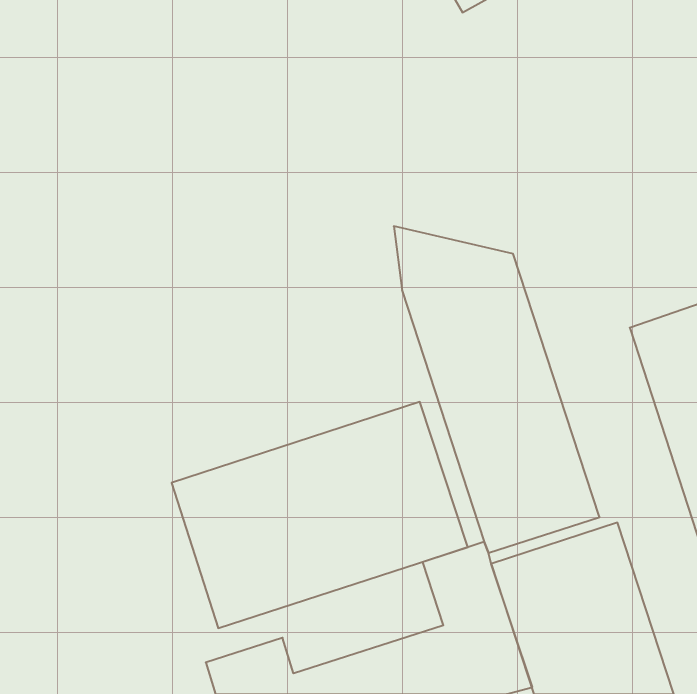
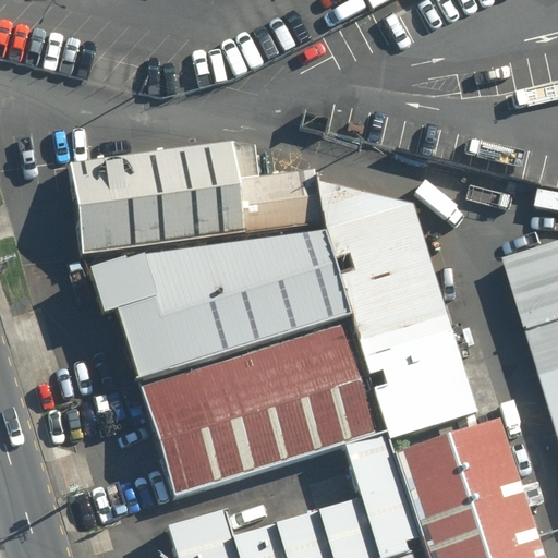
building: none -> [65,123,317,254]
building: none -> [92,231,347,378]

